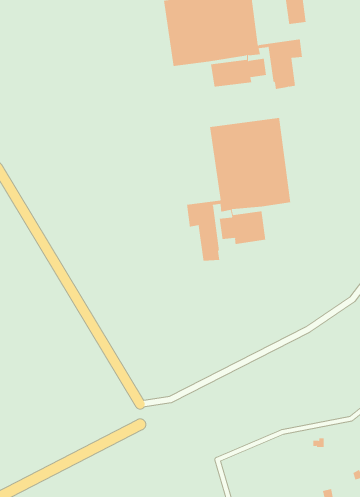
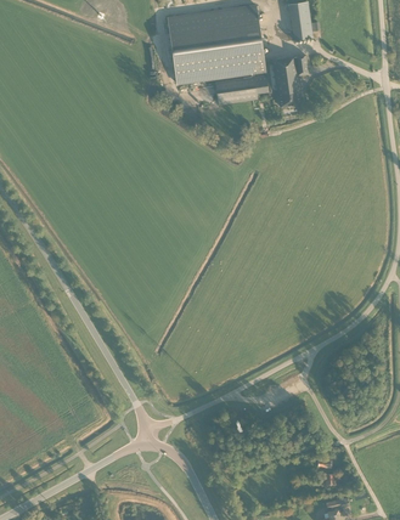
building: [186,117,291,262] -> none

